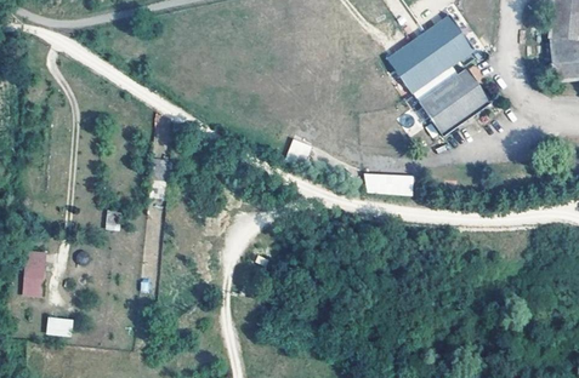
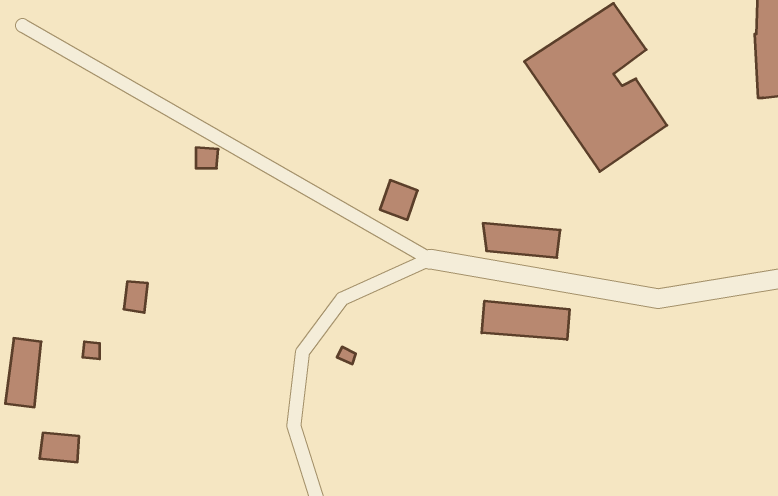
building: none -> [482,301,569,340]

